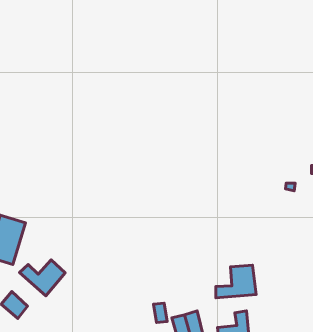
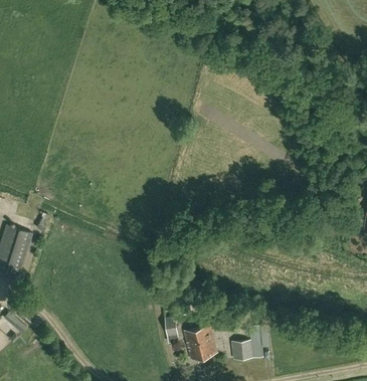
building: [20,260,65,296] -> none
building: [216,265,256,298] -> none

